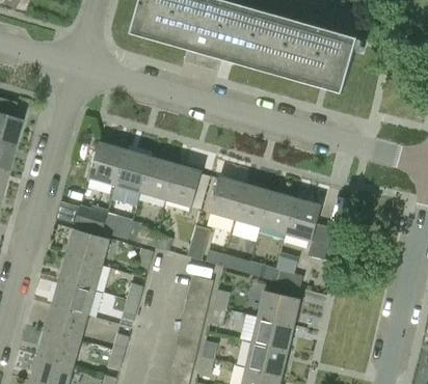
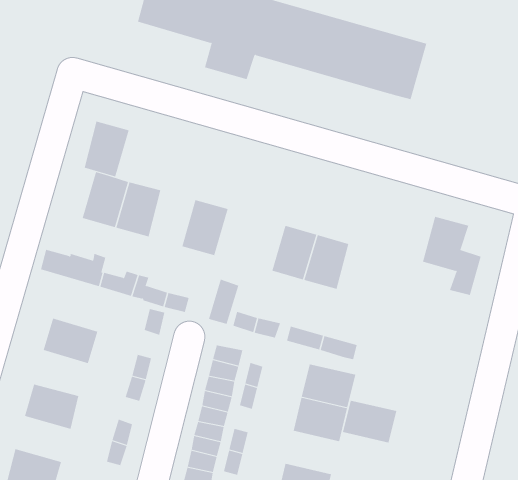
building: [141,156,177,199] -> [84,121,129,177]
building: [210,175,246,218] -> none
building: [287,197,332,258] -> [422,216,481,296]
building: [66,228,110,265] -> none
building: [52,279,95,314] -> none
building: [37,330,81,365] -> none
building: [246,341,289,375] -> [342,400,397,443]

